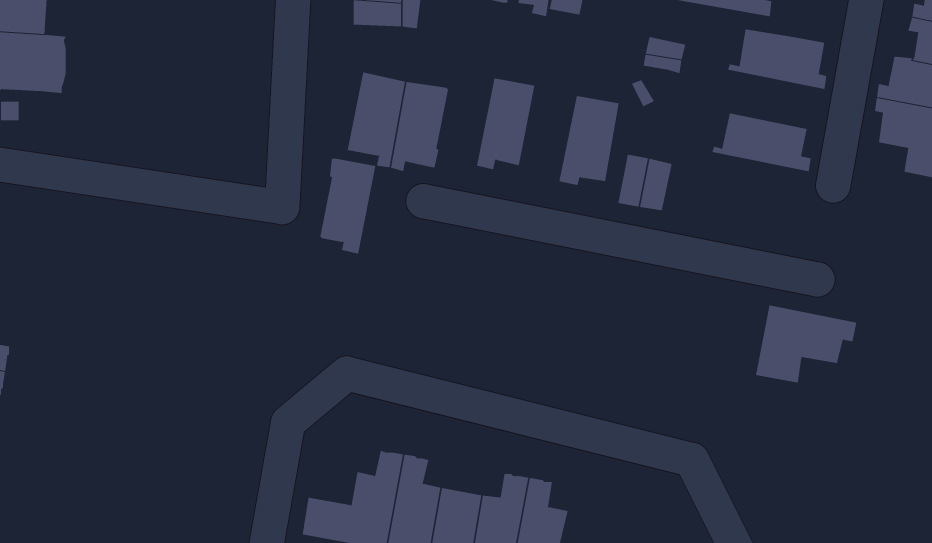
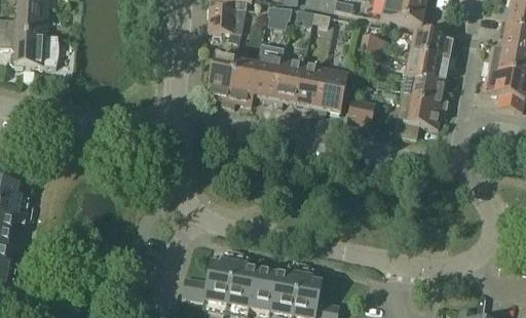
building: none -> [405,52,456,83]
building: none -> [296,61,326,111]
building: [319,158,376,254] -> [253,52,283,103]
building: [755,305,857,383] -> [394,96,448,137]

